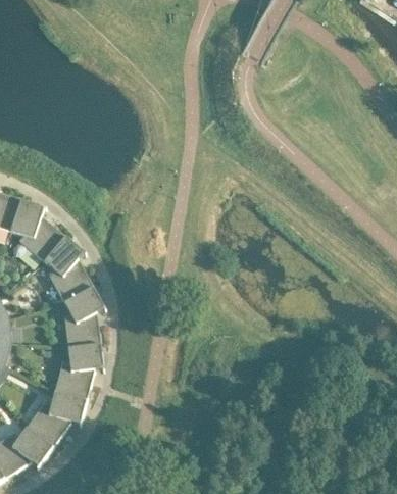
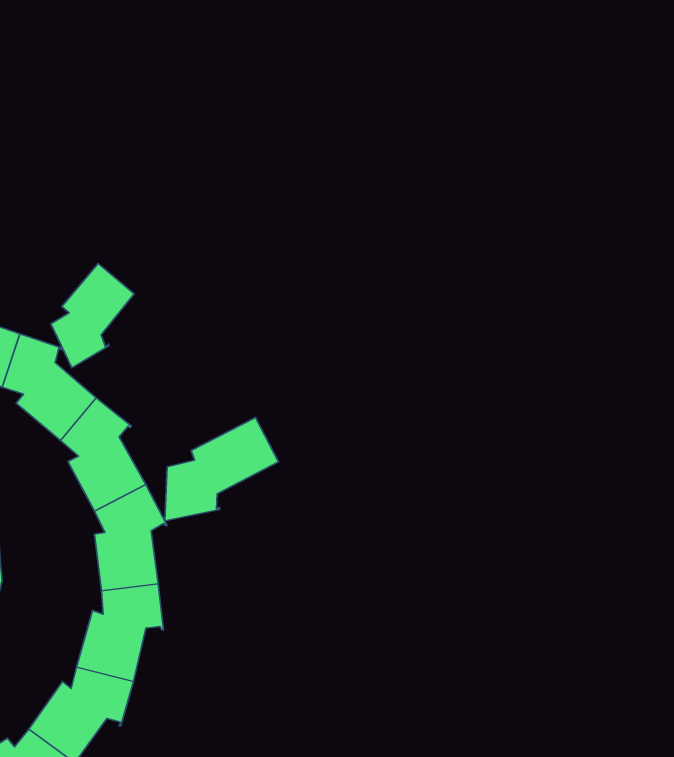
building: none -> [51,263,134,368]
building: none -> [165,417,278,521]

